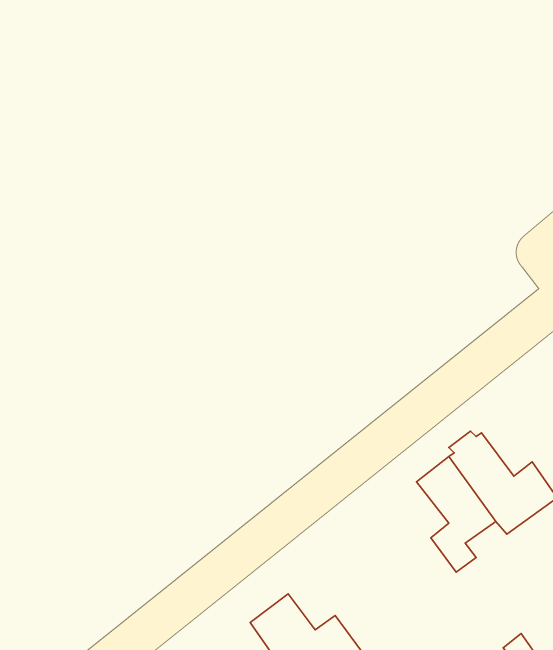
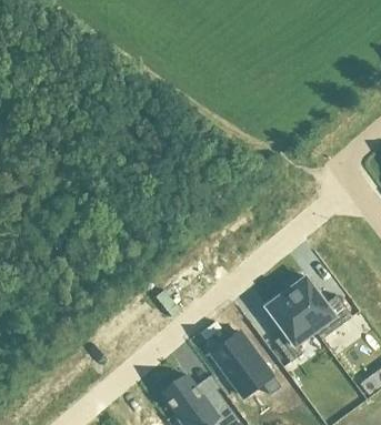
building: none -> [211,331,281,395]

